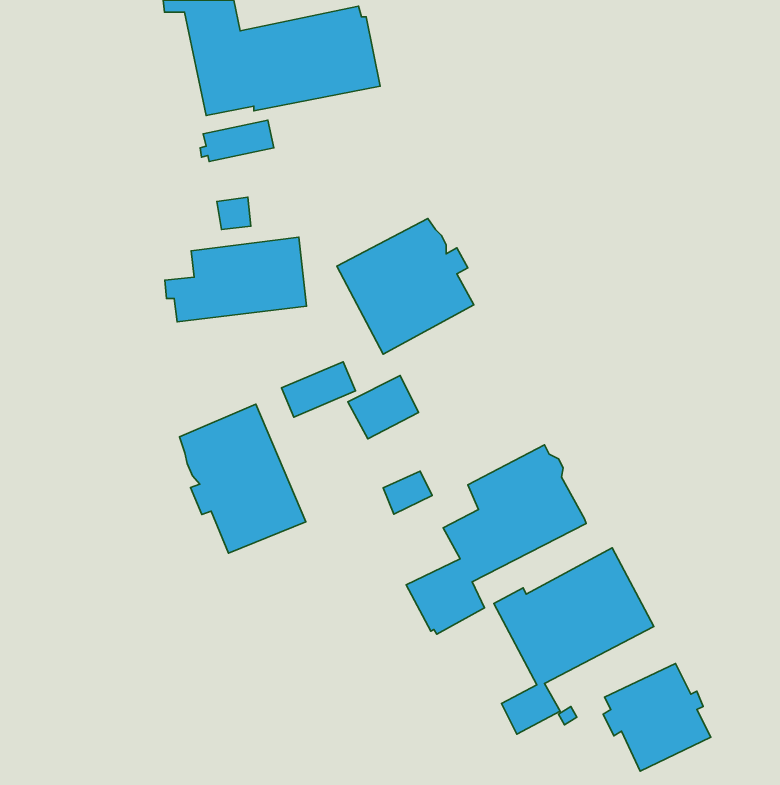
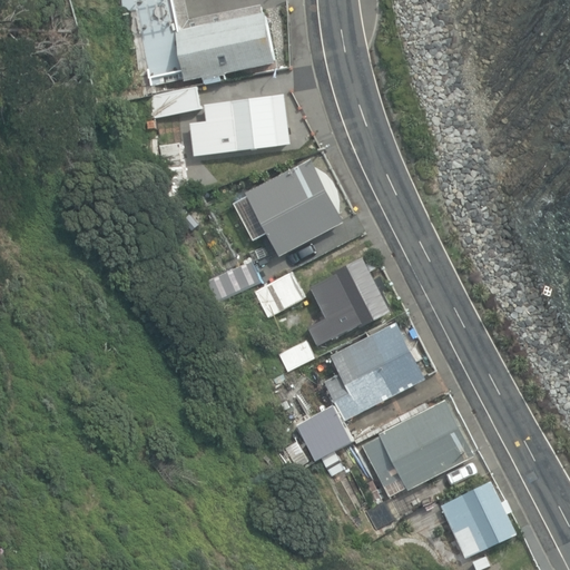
building: [165,237,306,322] -> [185,96,287,157]
building: none -> [305,258,391,347]
building: [180,404,306,553] -> none

